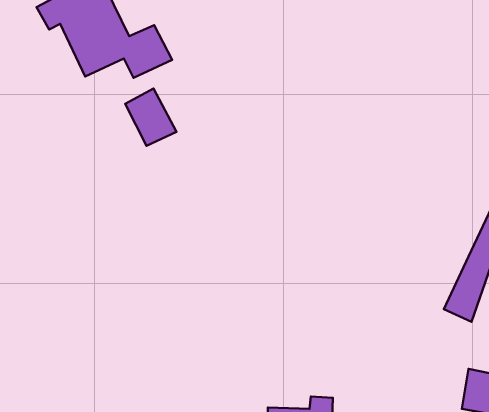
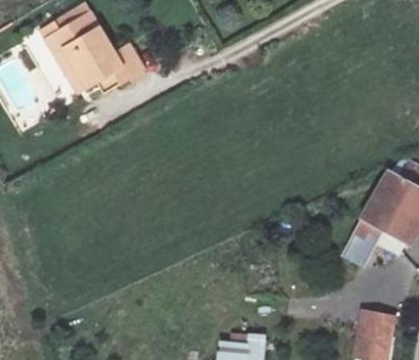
building: [125,88,177,146] -> none

